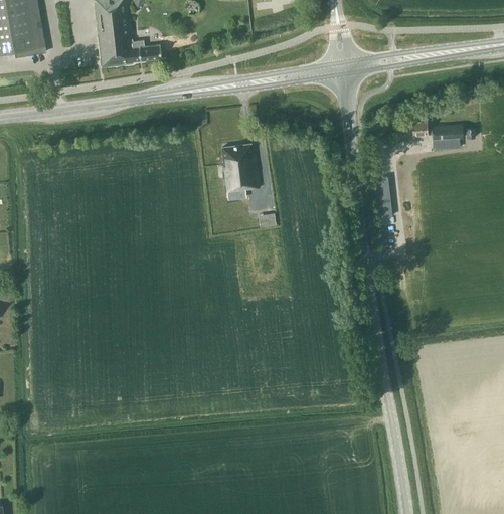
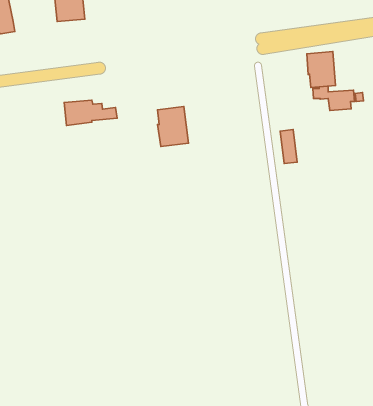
building: [98,36,163,67] -> [64,100,117,125]
building: none -> [307,51,336,88]

